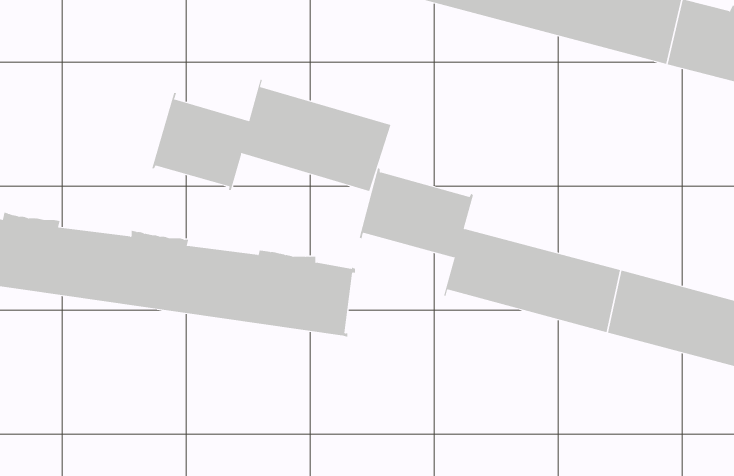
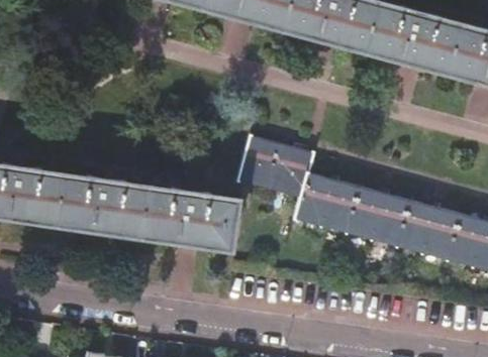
building: [151,78,391,192] -> none

